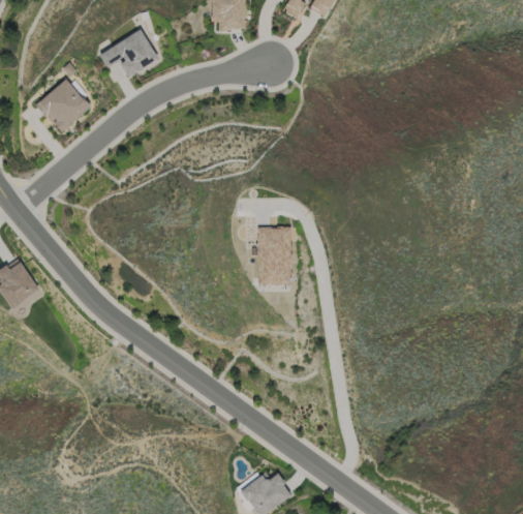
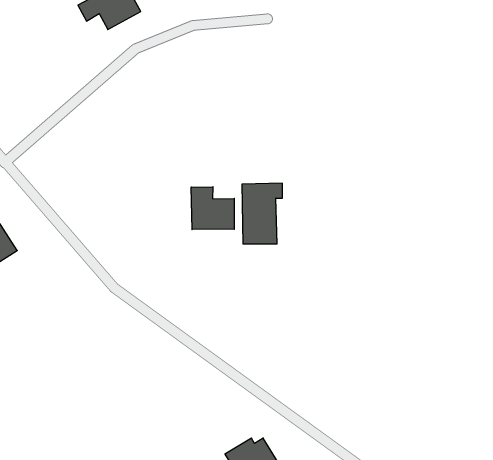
building: [36,78,91,131] -> none
building: none -> [191,187,234,230]

